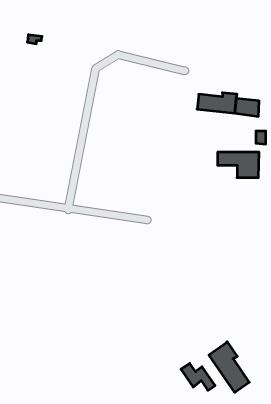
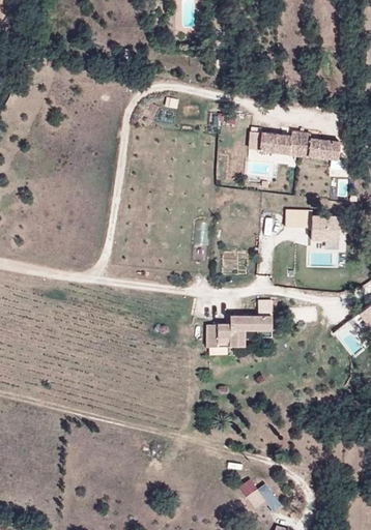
building: none -> [207,308,272,348]
building: [209,342,249,392] -> none

